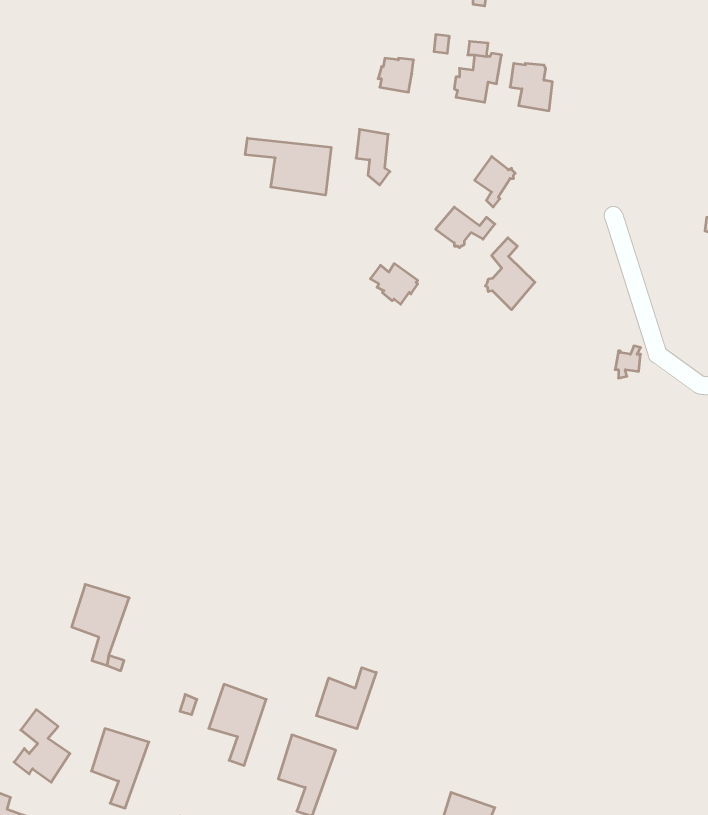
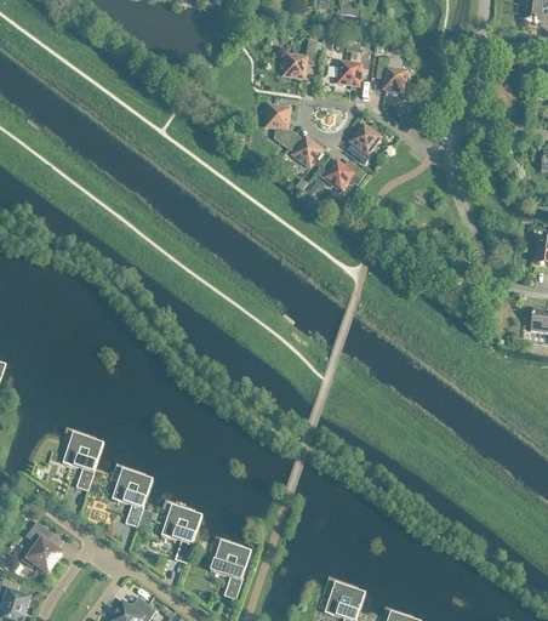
building: [245,138,331,195] -> none
building: [485,238,535,310] -> none
building: [370,264,418,304] -> [289,137,322,166]
building: [316,668,376,729] -> none
building: [91,729,149,808] -> [113,467,154,524]

